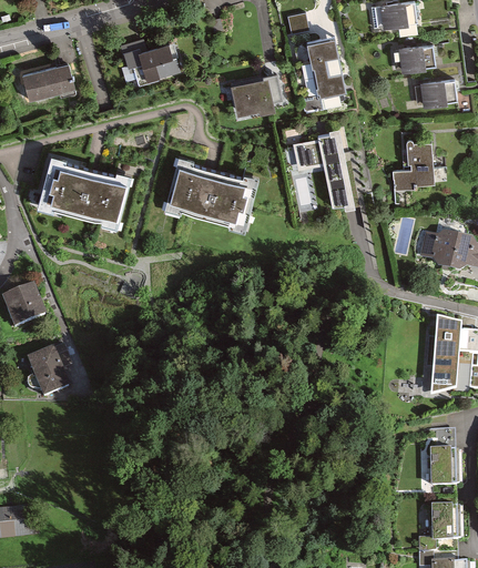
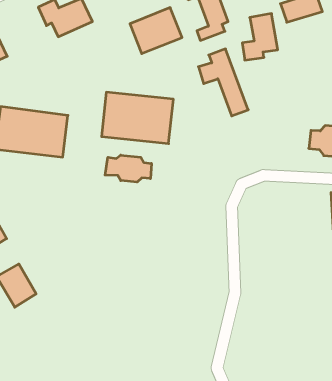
building: [390,139,431,190] -> [242,14,278,60]
building: none -> [105,155,151,182]

